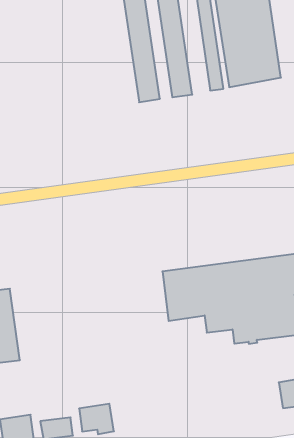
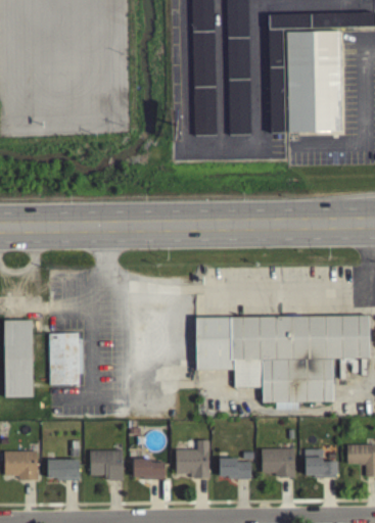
building: none -> [50,327,84,379]
building: none -> [262,447,295,477]
building: none -> [176,439,209,478]
building: none -> [219,458,251,478]
building: none -> [133,460,166,479]

